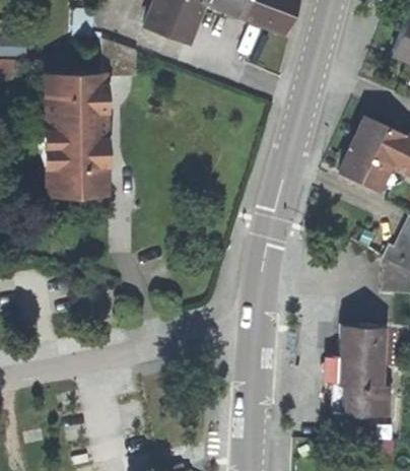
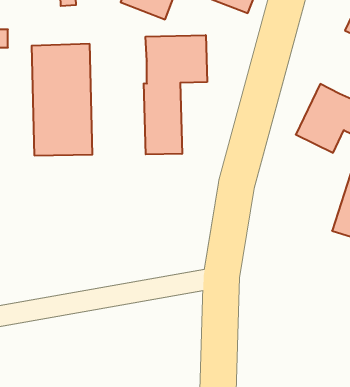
building: none -> [144,35,207,154]
building: [339,325,393,417] -> none

